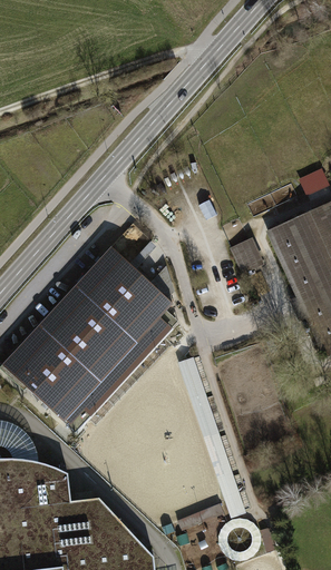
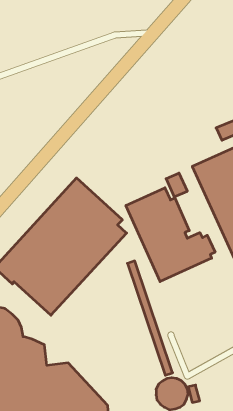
building: none -> [126,188,215,282]

